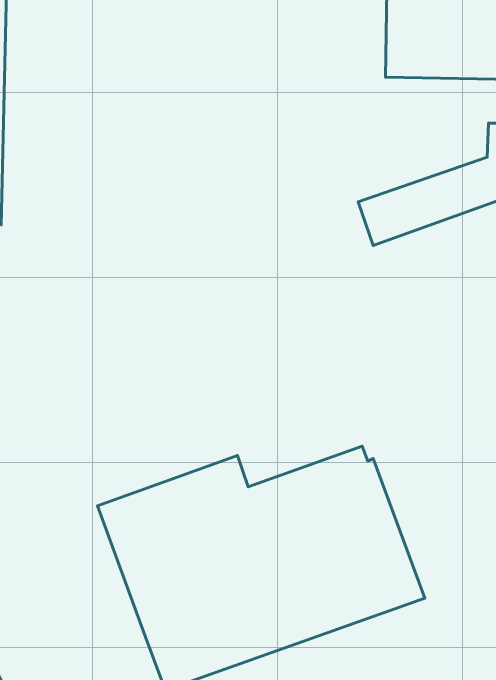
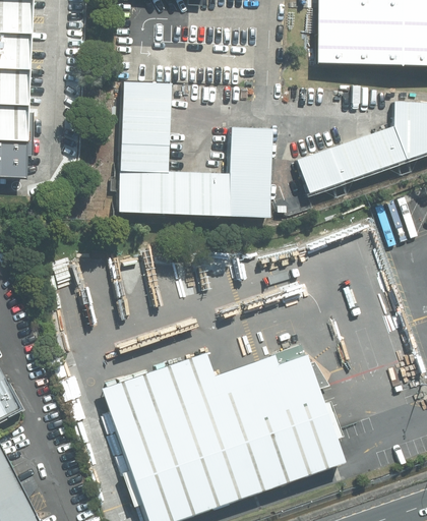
building: none -> [120,82,274,218]

